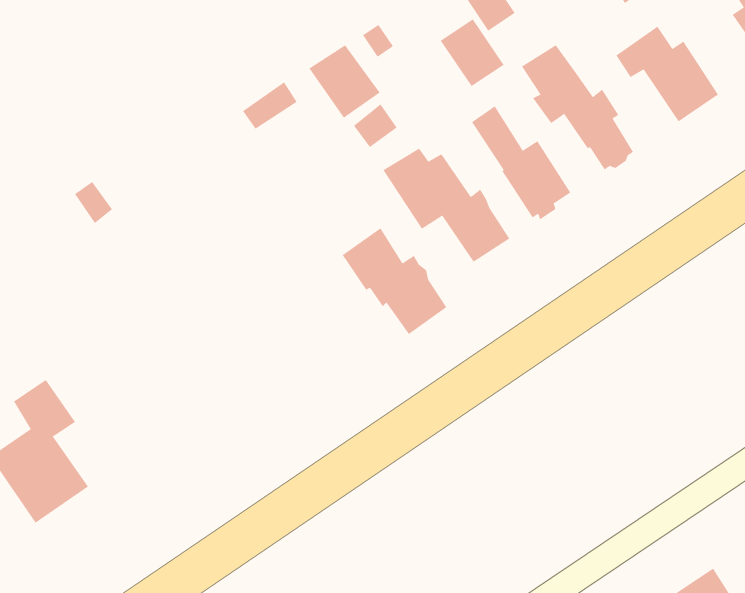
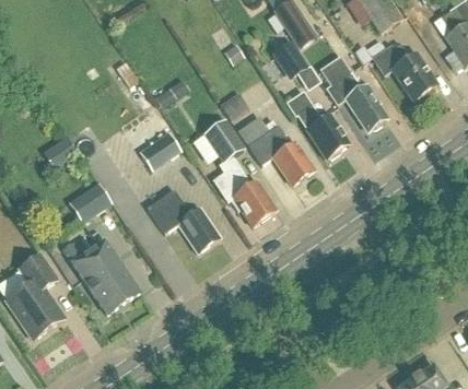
building: [309,44,381,118] -> [202,119,245,163]
building: none -> [139,132,180,165]
building: none -> [67,180,110,223]
building: none -> [147,189,220,252]
building: none -> [61,239,139,314]

